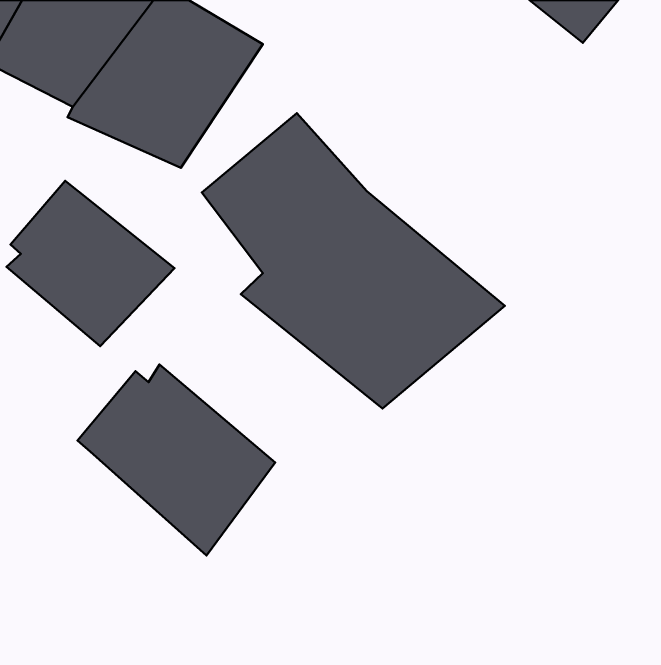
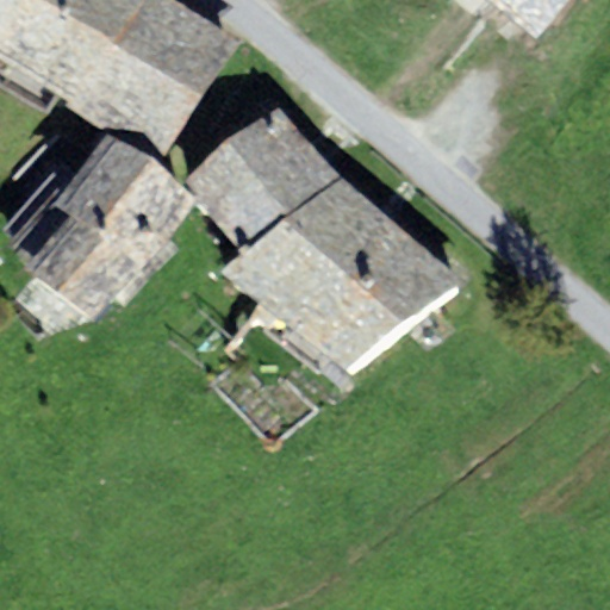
building: none -> [71,131,193,245]
building: [78,364,275,555] -> none

